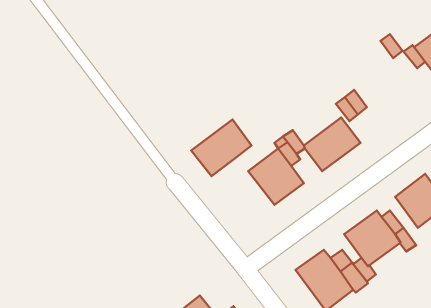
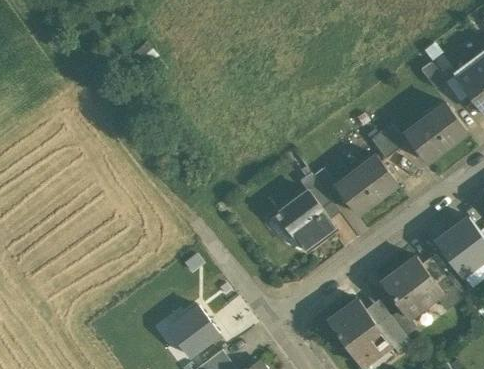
building: none -> [404,103,466,161]
building: [191,119,251,176] -> none
building: none -> [167,305,218,356]

